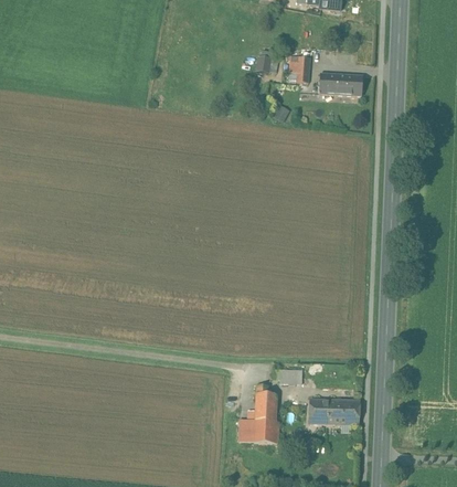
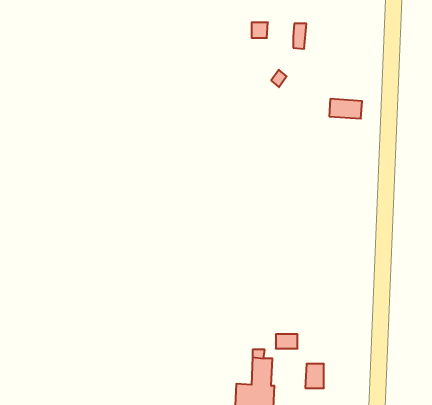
building: [327,77,360,97] -> [329,99,362,119]
building: [327,399,359,424] -> none

